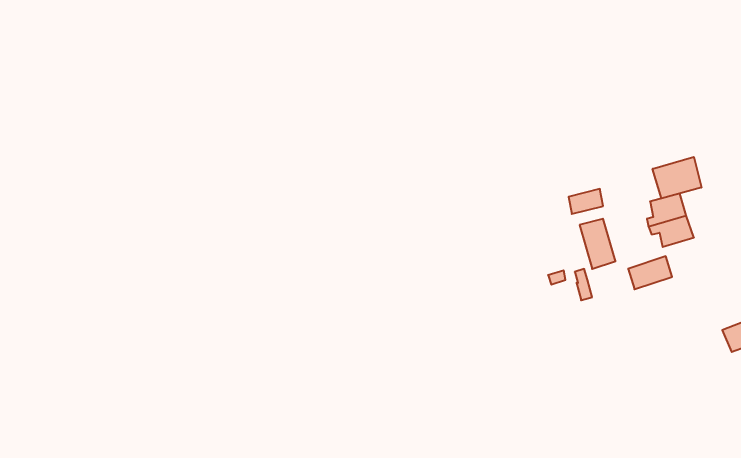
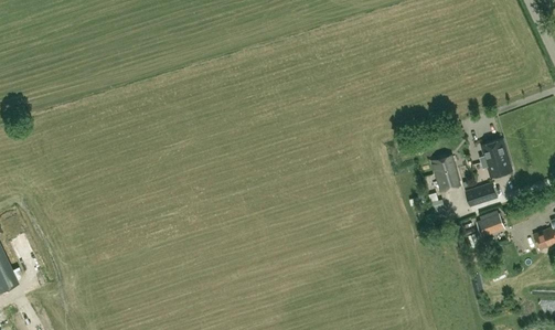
building: [653,157,701,198] -> none
building: none -> [477,211,505,238]

